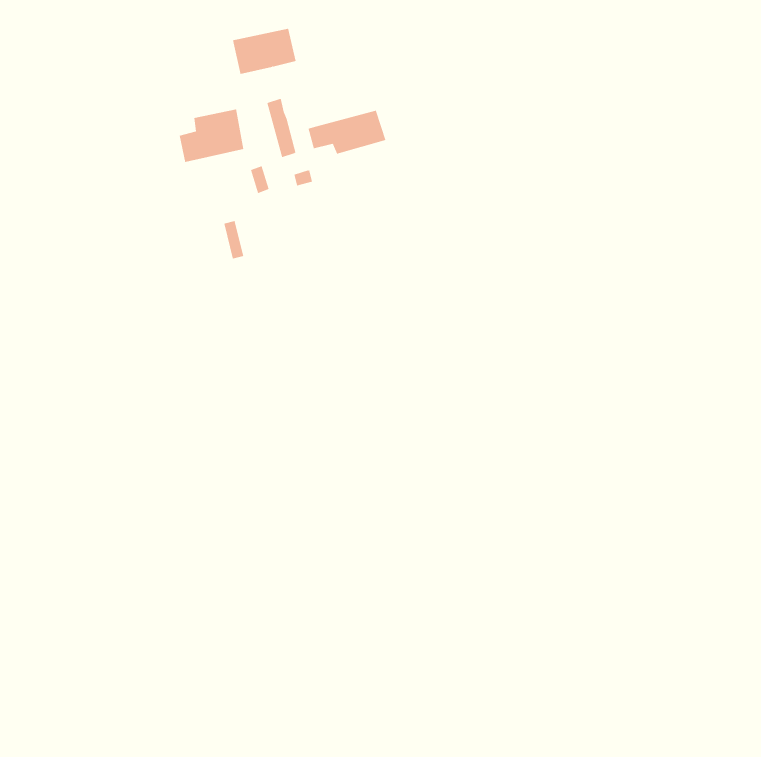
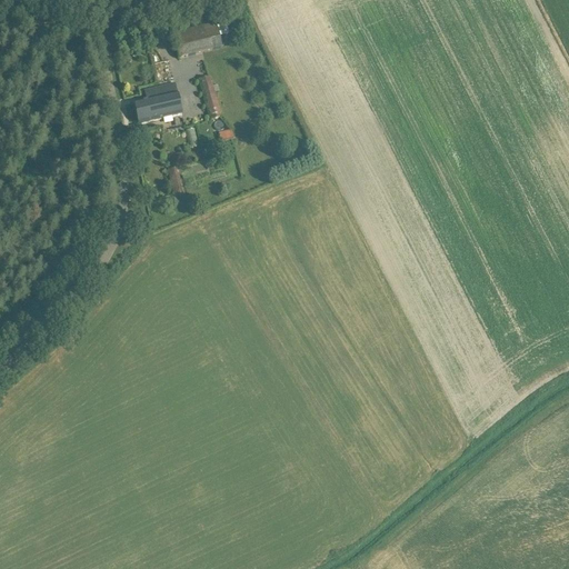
building: [308,110,386,154] -> none

